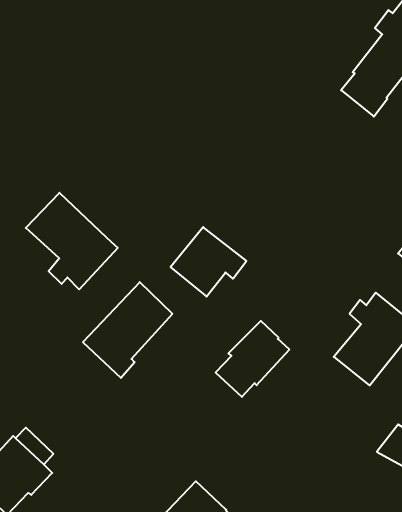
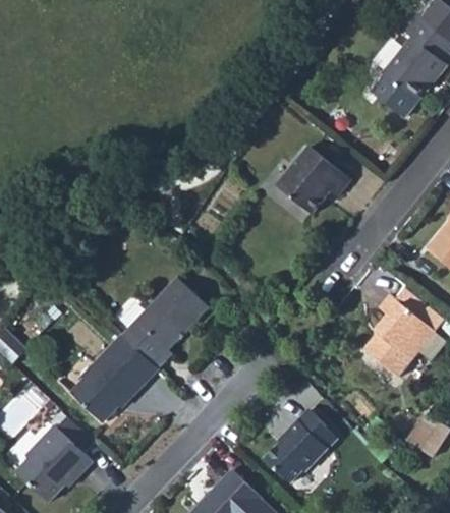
building: [26,193,118,289] -> none
building: [171,227,246,297] -> [277,147,350,214]
building: [216,321,289,397] -> [265,409,336,482]
building: none -> [70,335,158,422]

